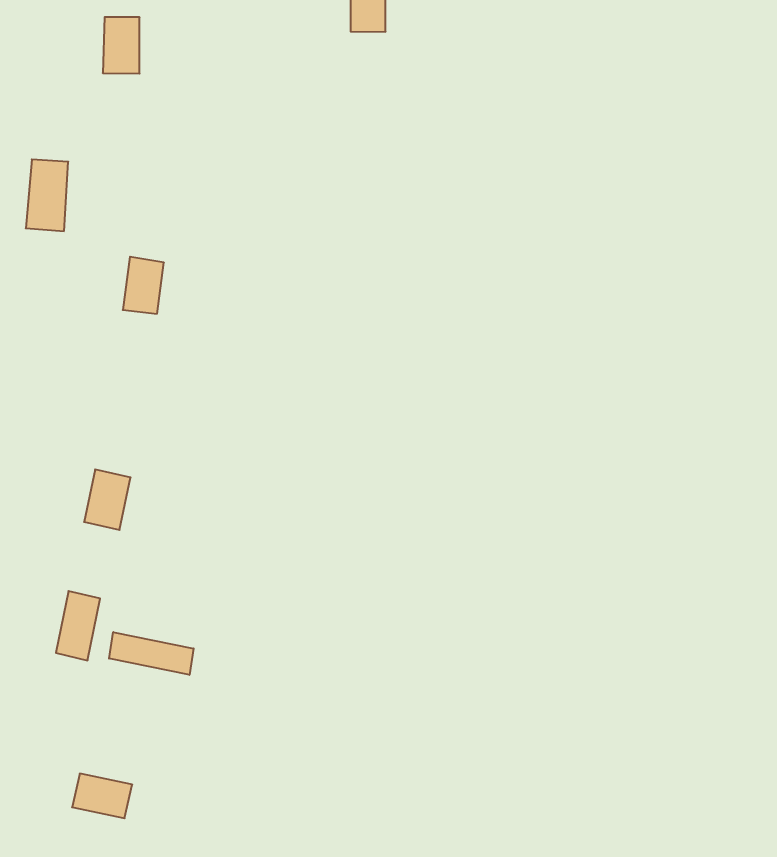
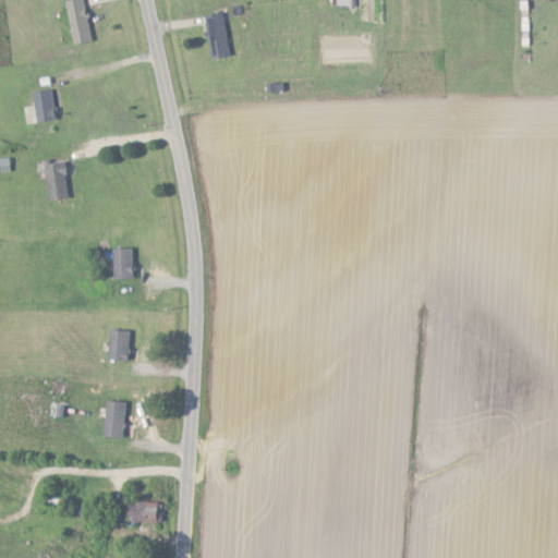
building: [103,17,140,74] -> [31,87,56,122]
building: [123,257,164,314] -> [113,247,134,278]
building: [109,632,194,675] -> none

